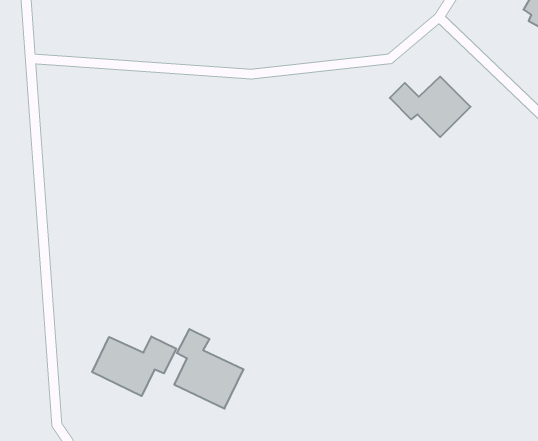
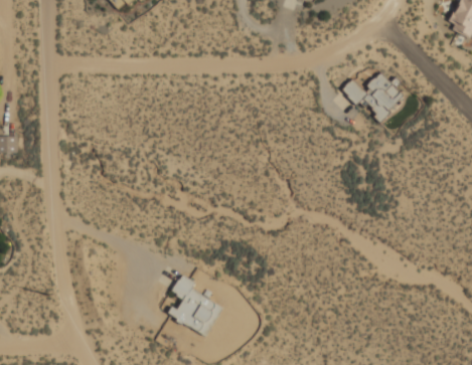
building: [92,336,176,396] -> none

